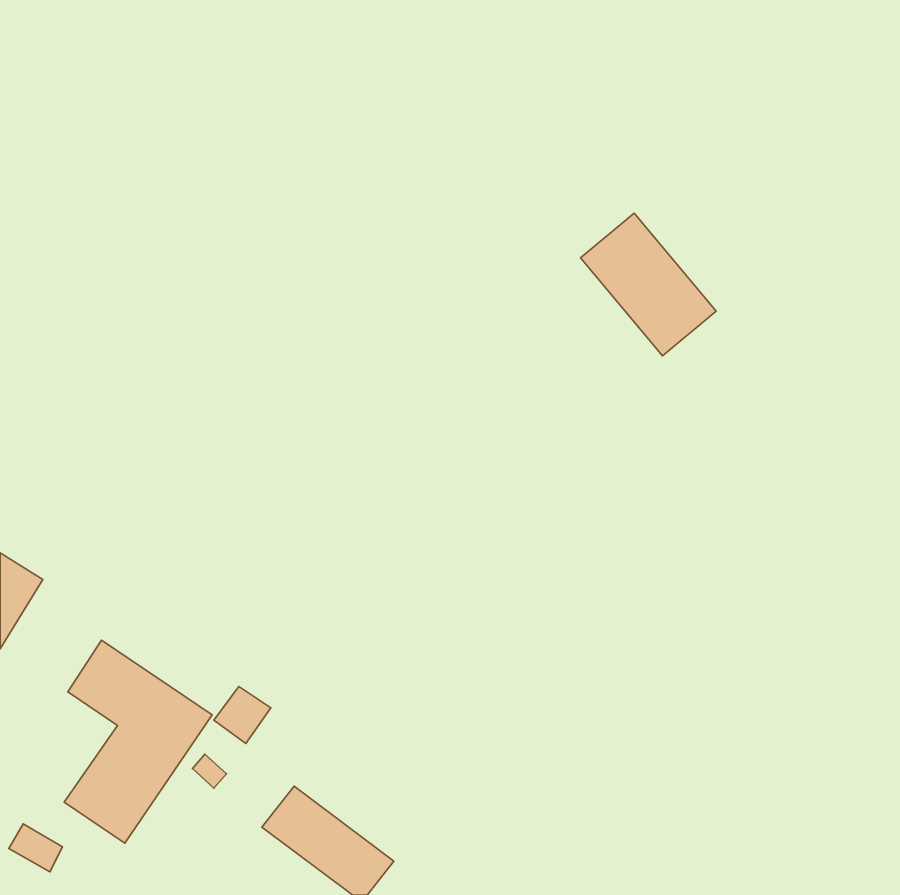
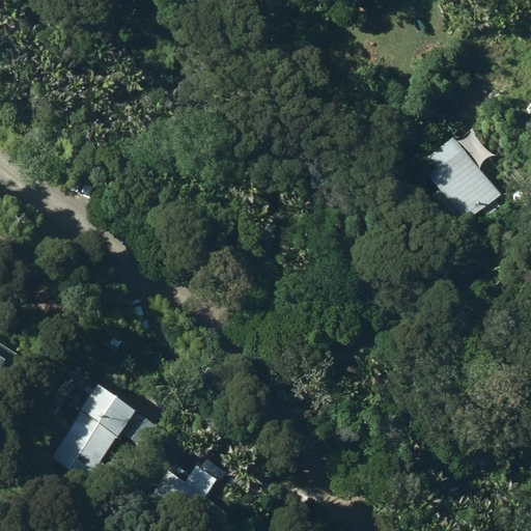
building: [581,213,716,356] -> [427,133,506,216]

